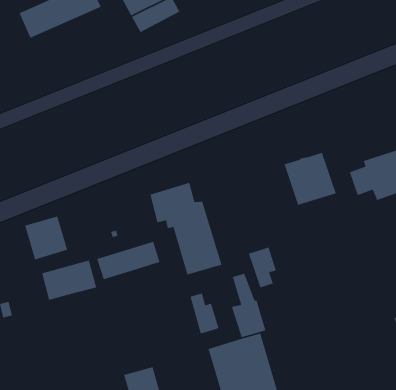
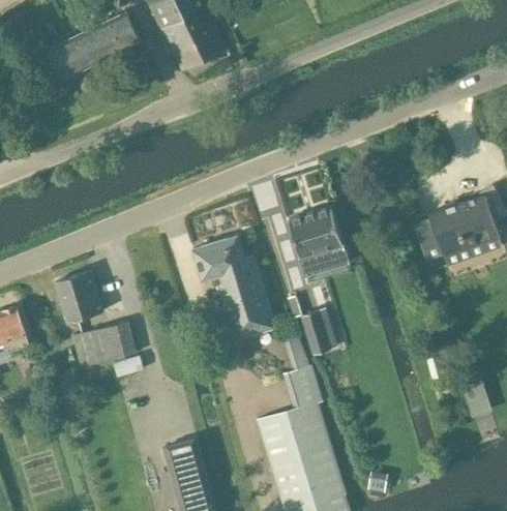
building: [283,152,337,206] -> [289,208,348,268]
building: [96,241,160,280] -> none
building: [189,292,220,335] -> none

